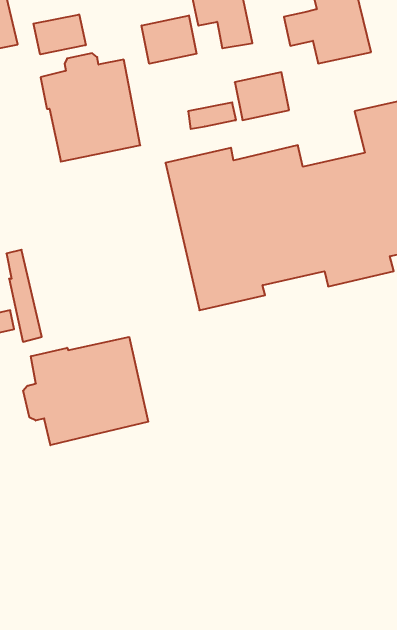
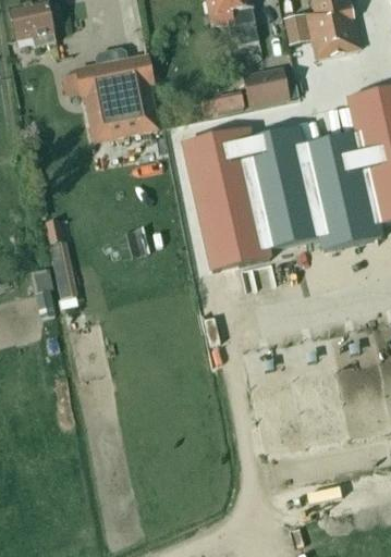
building: [33,14,86,54] -> none
building: [142,15,197,64] -> none
building: [23,337,148,445] -> none

